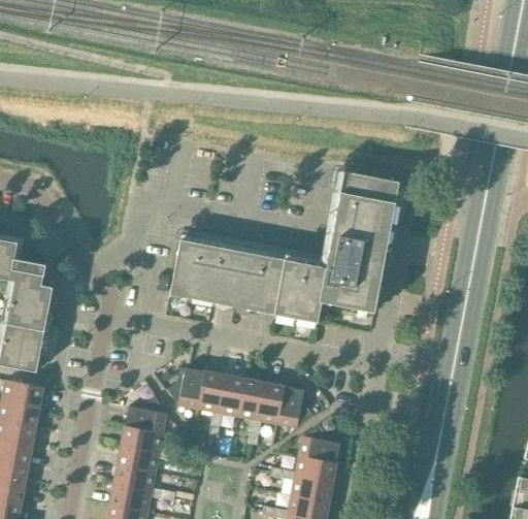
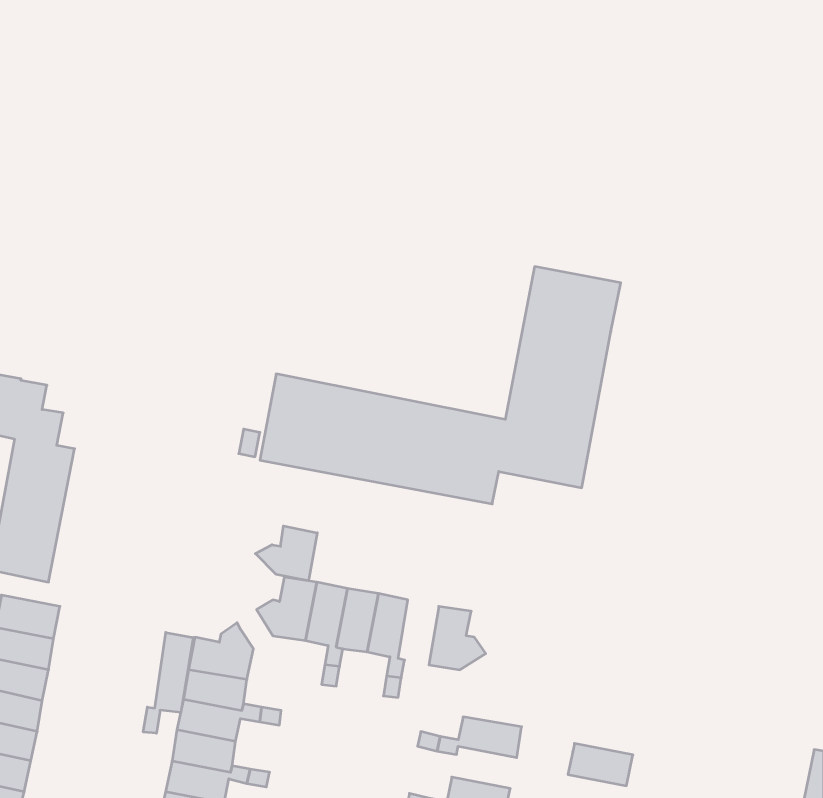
building: none -> [255,526,317,581]
building: [257,383,283,424] -> none
building: none -> [143,632,193,733]
building: [298,425,339,463] -> none
building: [291,476,332,502] -> [568,743,633,786]

